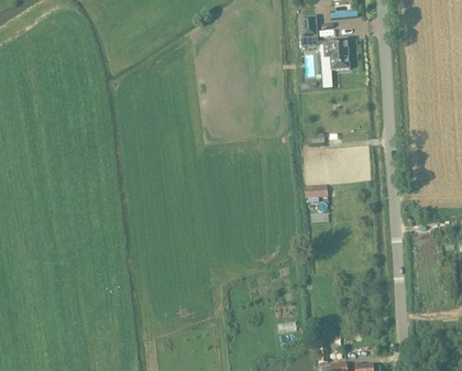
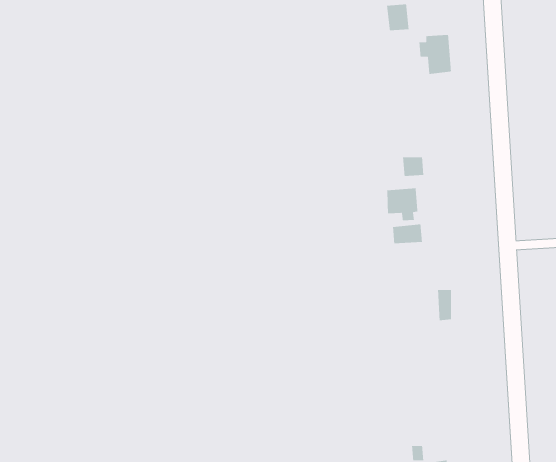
building: none -> [385,187,419,221]

